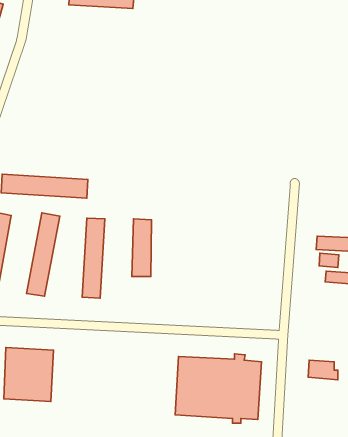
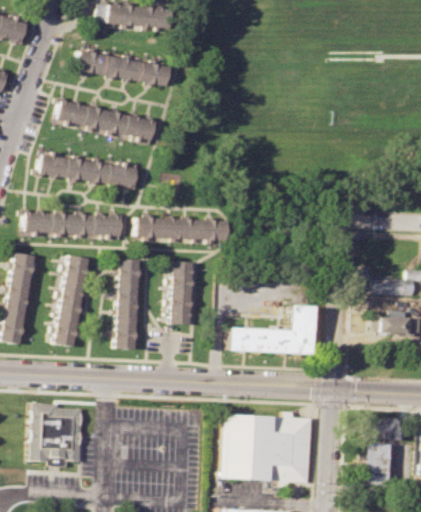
building: none -> [79,51,171,87]
building: none -> [58,99,155,141]
building: none -> [40,152,137,189]
building: none -> [136,217,225,242]
building: none -> [227,309,321,357]
building: none -> [363,443,389,487]

